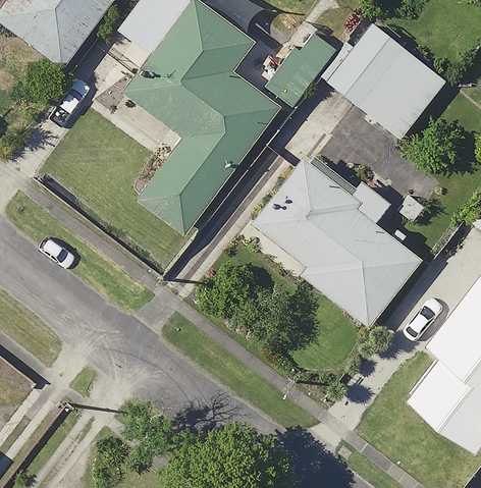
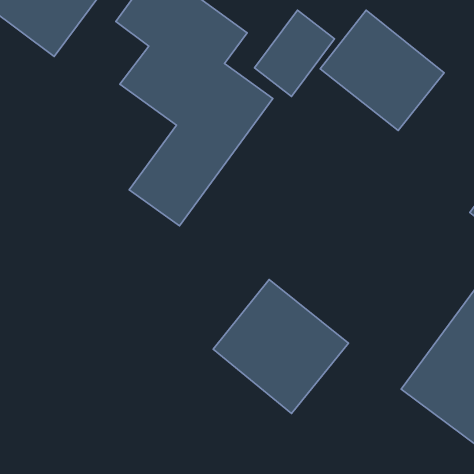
building: [249,159,421,326] -> none
building: none -> [213,279,349,413]

